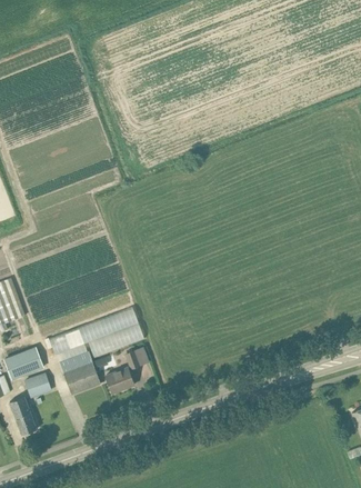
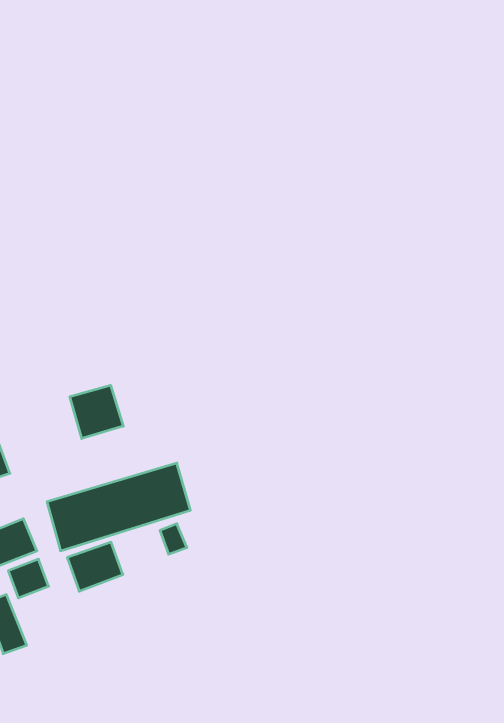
building: none -> [70,385,123,439]
building: [107,368,136,394] -> none

